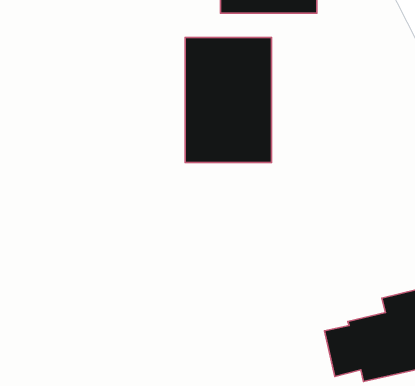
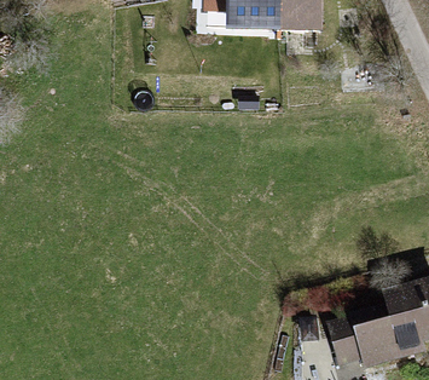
building: [185,38,271,163] -> none

